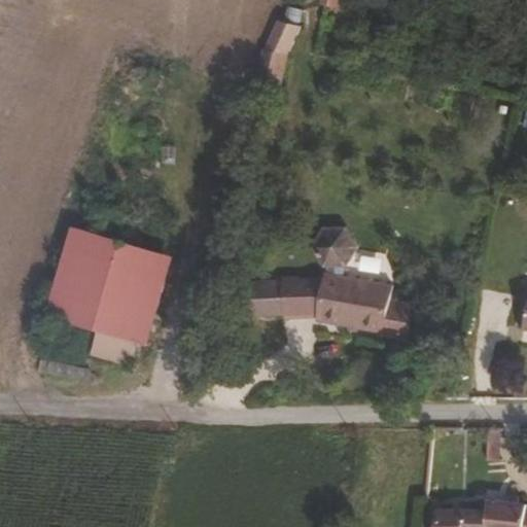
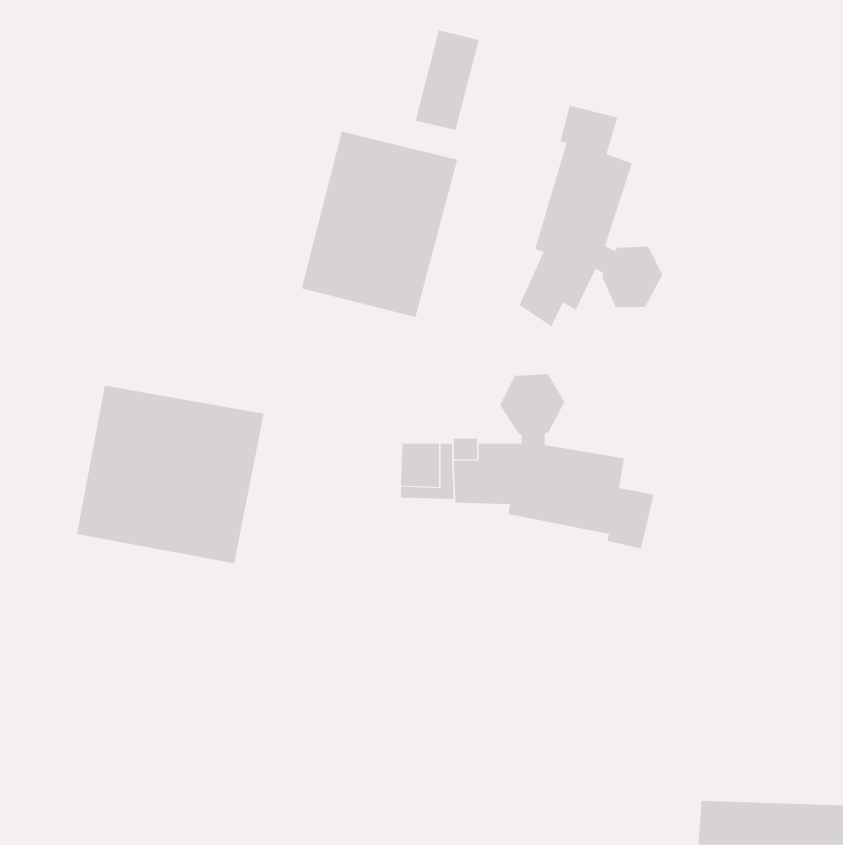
building: none -> [519,105,663,327]
building: none -> [301,131,458,318]

